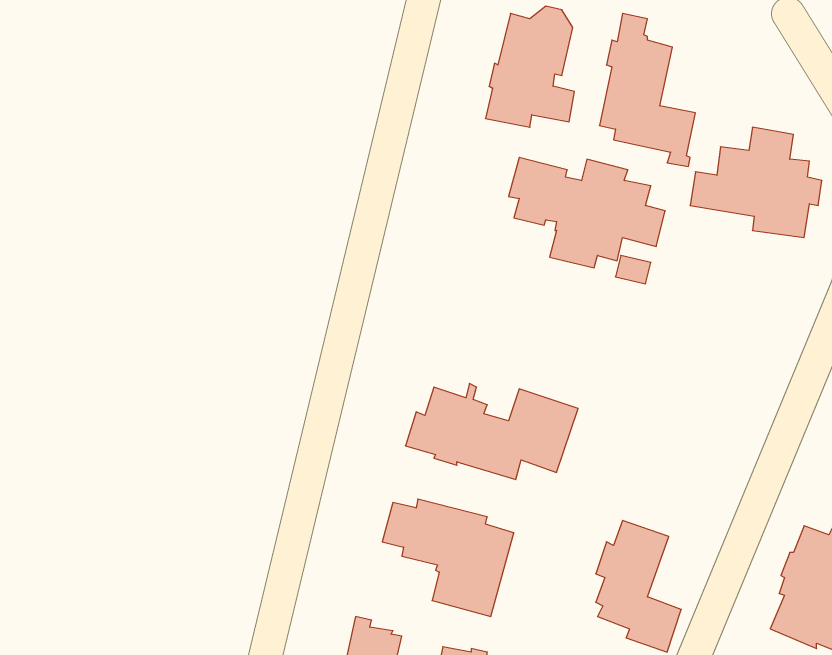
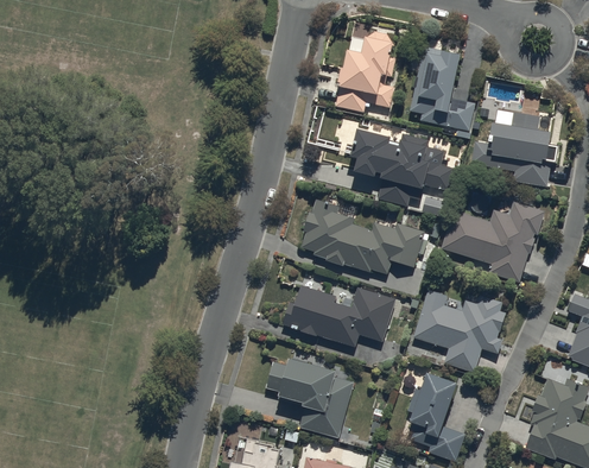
building: none -> [302,200,428,274]
building: none -> [442,201,545,282]
building: none -> [413,290,506,372]

